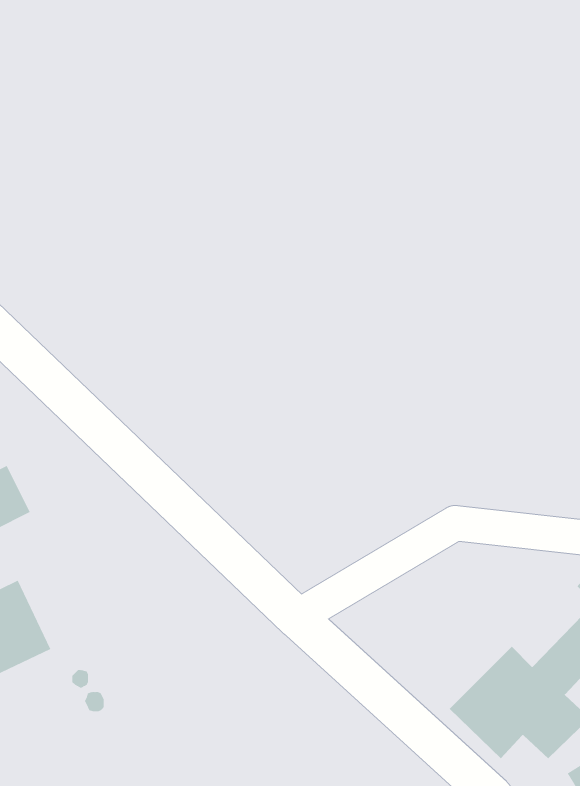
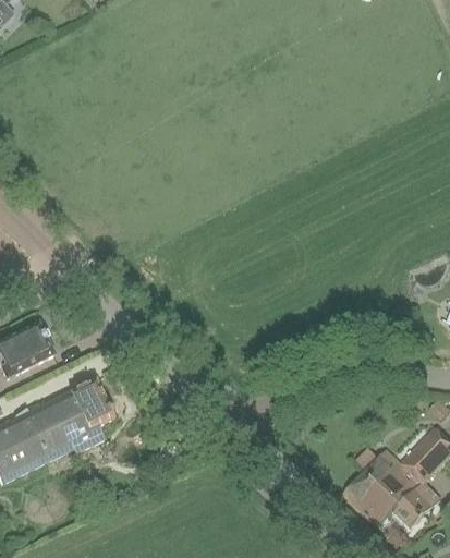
building: none -> [44,379,112,453]

